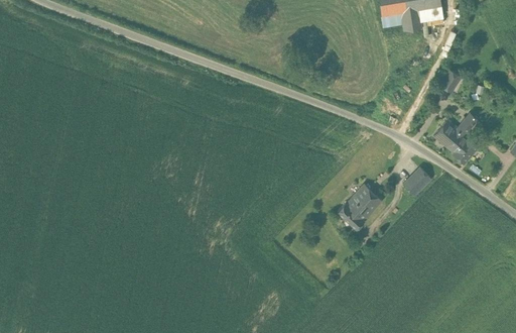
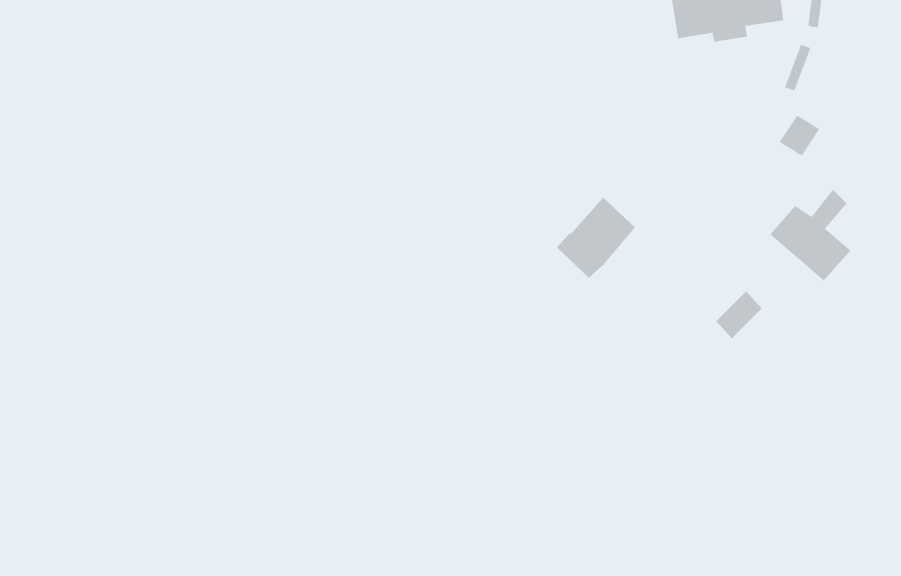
building: [338,183,382,228] -> [556,197,636,278]

